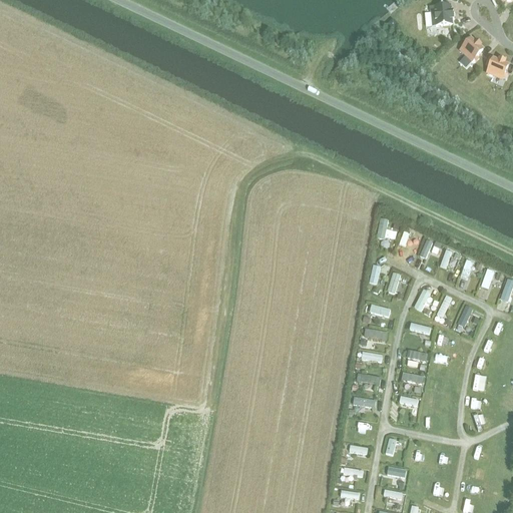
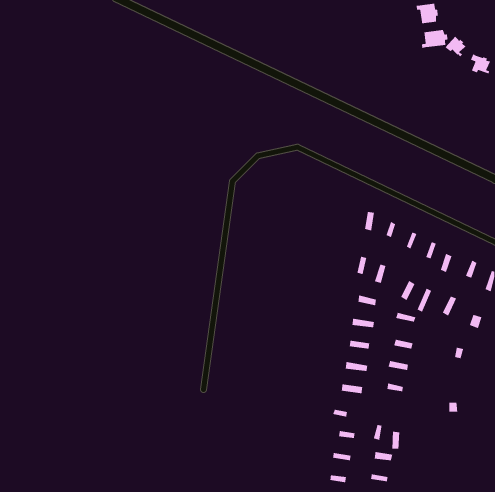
building: none -> [421,29,448,49]

